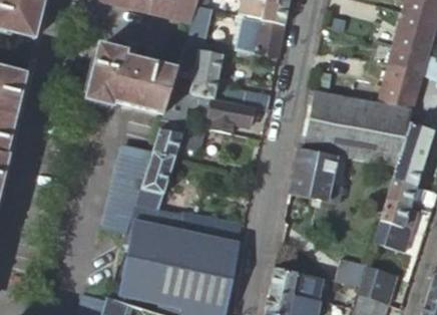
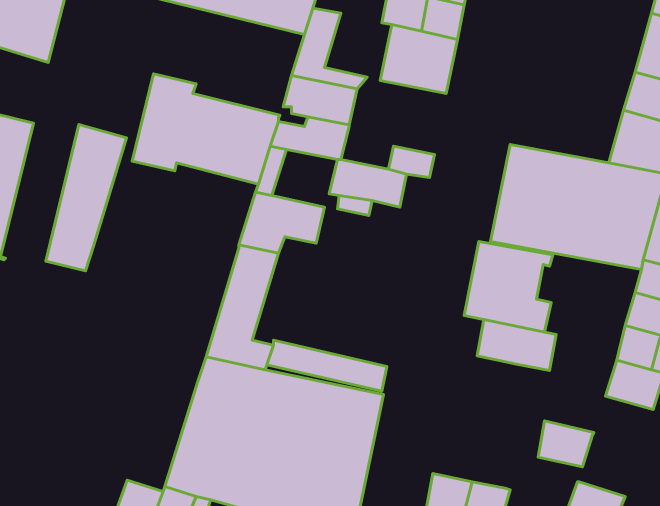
building: [102,144,151,234] -> [46,125,127,271]
building: [359,267,397,304] -> none
building: [270,268,318,299] -> [477,320,556,371]

